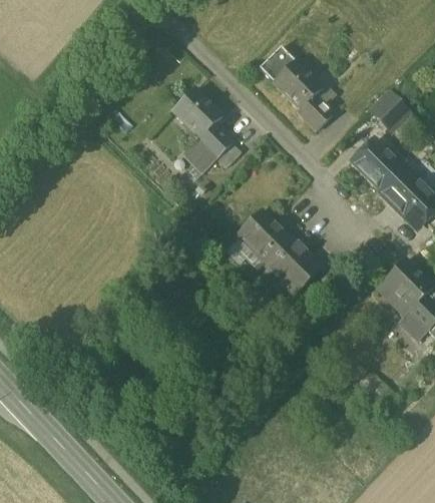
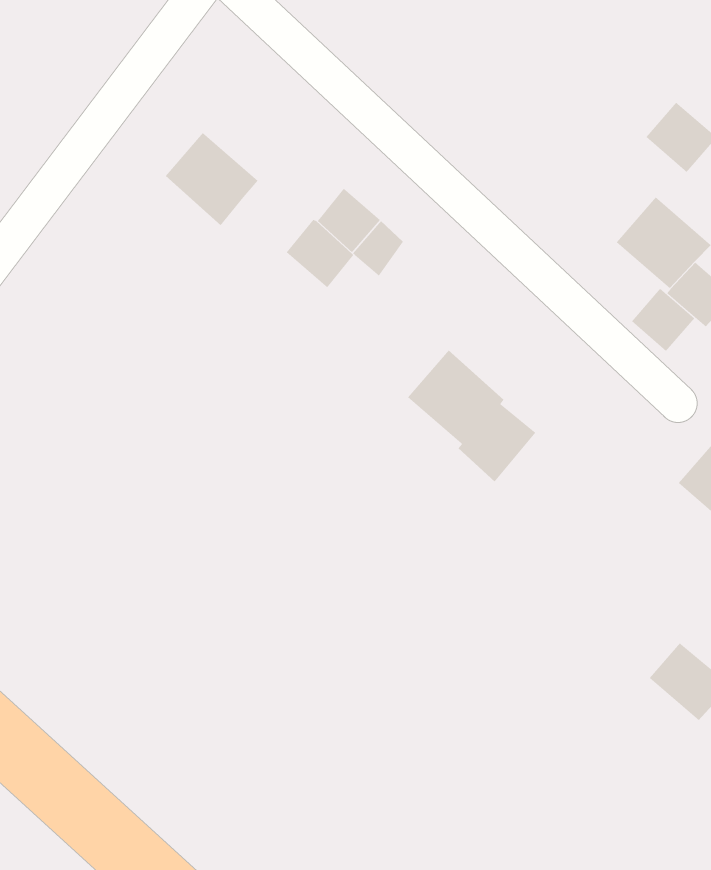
building: [259,45,332,129] -> none
building: [173,88,222,137] -> [165,132,258,226]
building: none -> [631,288,695,352]
building: [281,253,321,294] -> none

